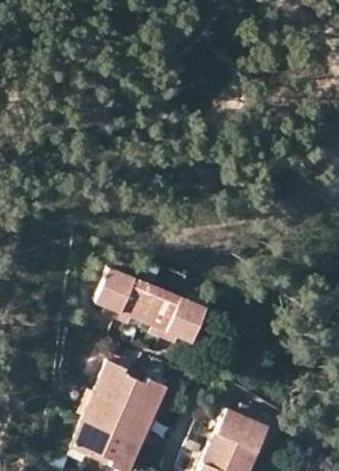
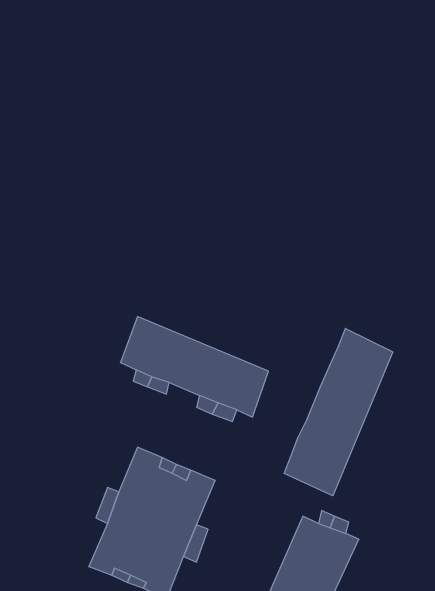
building: none -> [284,328,393,496]

